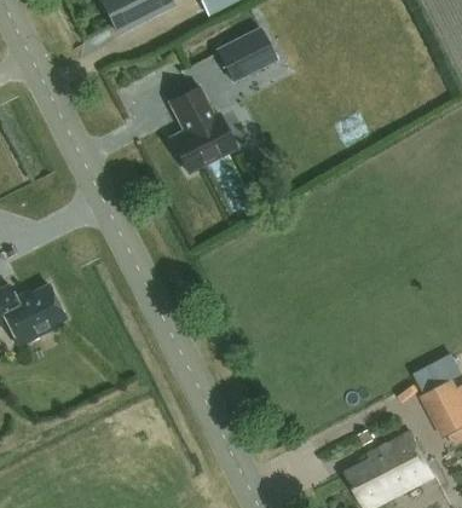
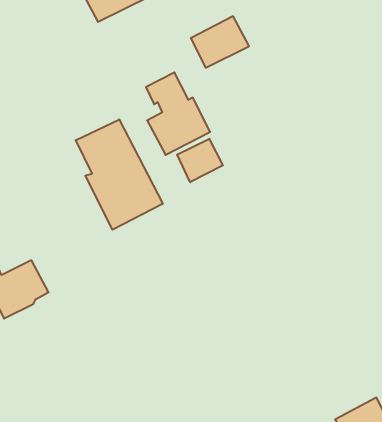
building: none -> [76,119,163,230]
building: none -> [177,139,223,182]

